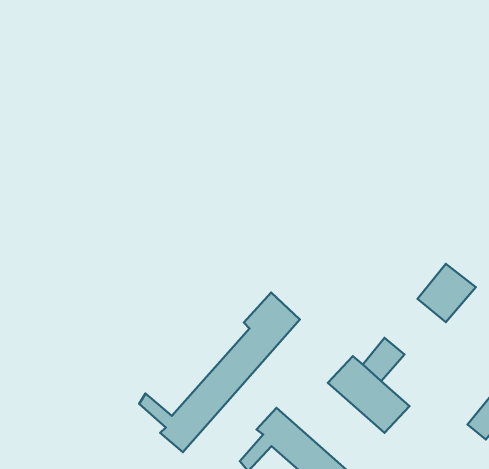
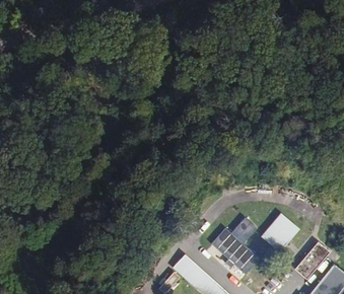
building: [418,264,476,322] -> [268,209,303,244]
building: [139,293,300,452] -> none

